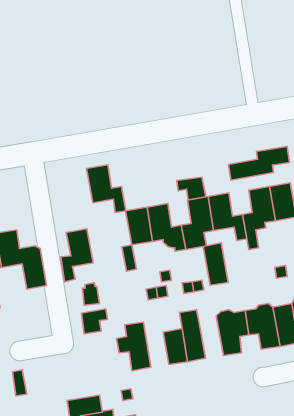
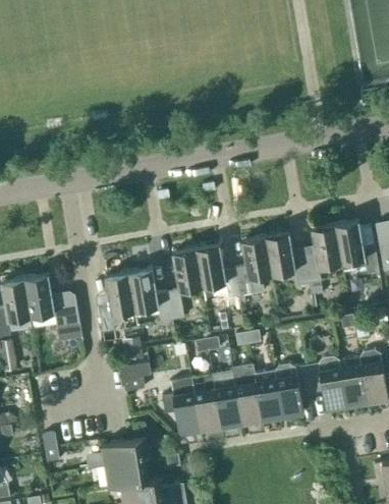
building: [228,146,289,180] -> none
building: [86,165,126,213] -> [128,269,173,323]
building: [177,177,206,200] -> none
building: [203,243,228,285] -> [255,372,283,419]
building: none -> [193,384,221,430]
building: none -> [87,439,143,470]

